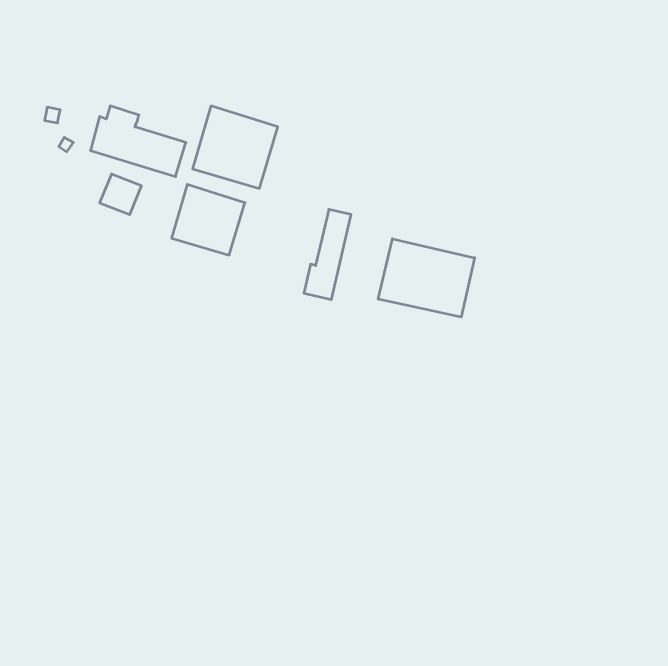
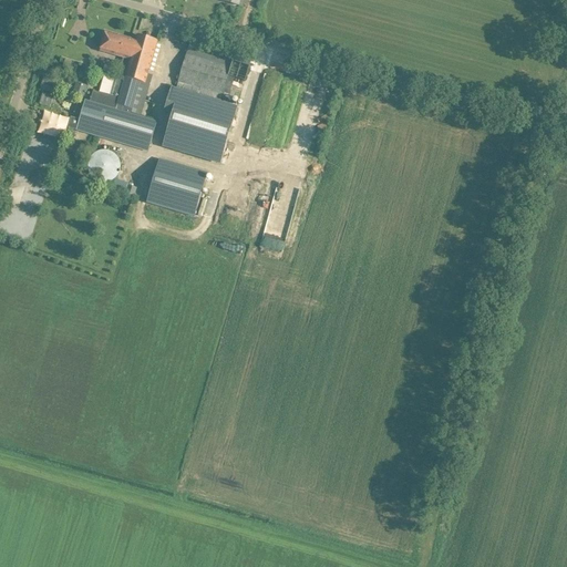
building: none -> [99,29,156,106]
building: none -> [177,53,229,92]
building: [378,239,475,317] -> none

